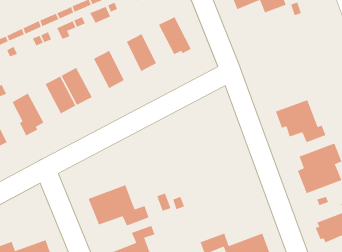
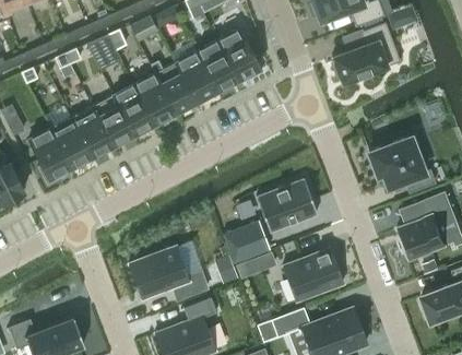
building: none -> [332,24,400,84]
building: none -> [198,42,239,92]
building: none -> [156,63,197,114]
building: none -> [114,85,155,135]
building: none -> [51,118,93,168]
building: none -> [257,180,318,233]
building: none -> [224,222,270,264]
building: none -> [283,250,344,303]

